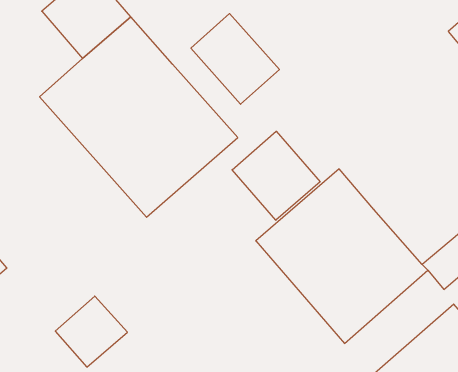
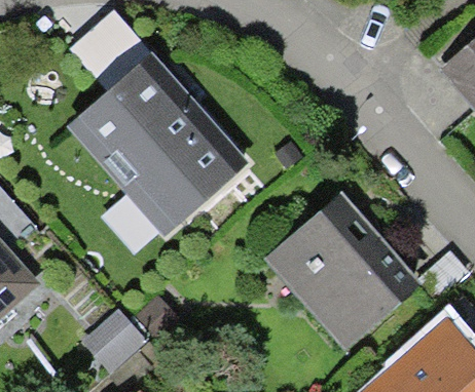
building: [191,14,279,104] -> none
building: [232,131,320,220] -> none

